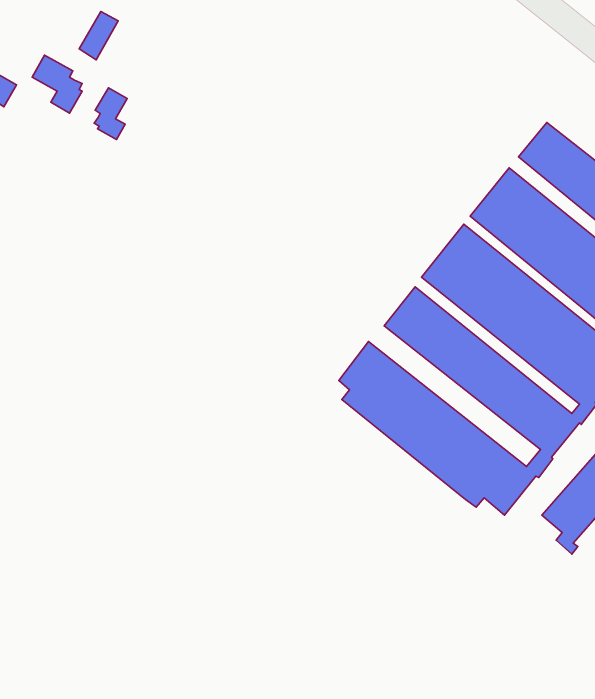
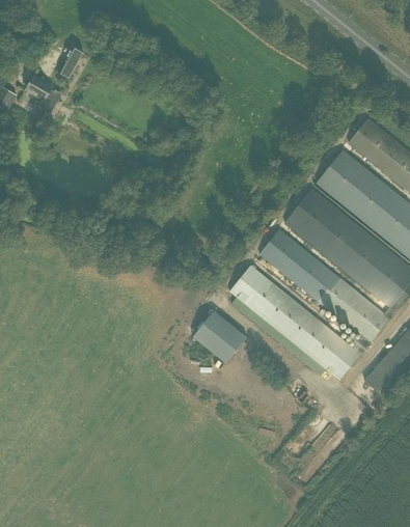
building: [94,88,127,139] -> none
building: none -> [192,308,246,361]

